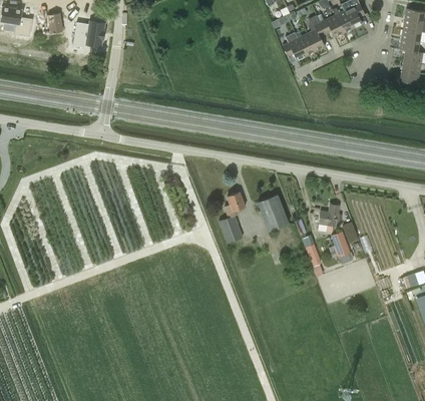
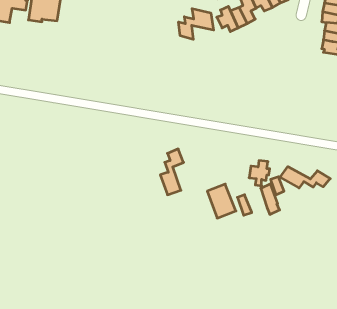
building: none -> [179,9,214,39]
building: [257,193,289,232] -> [207,184,236,218]
building: none -> [280,167,330,188]

